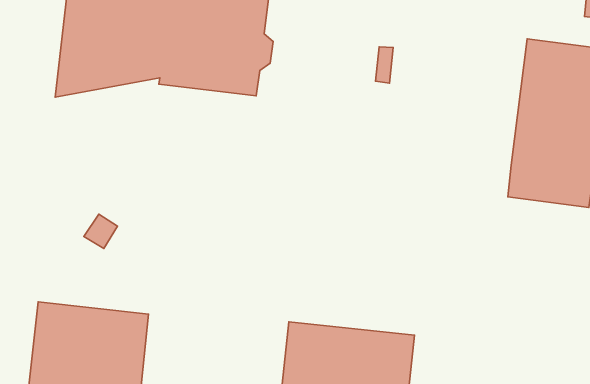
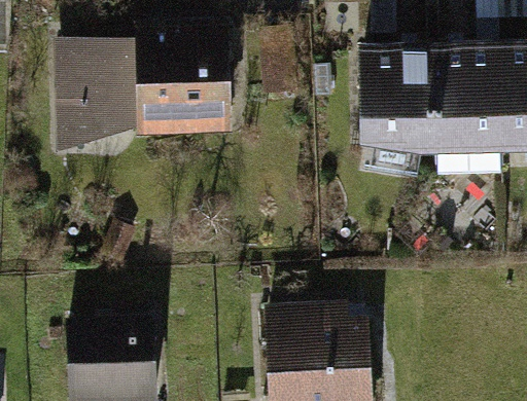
building: none -> [357,49,428,152]

